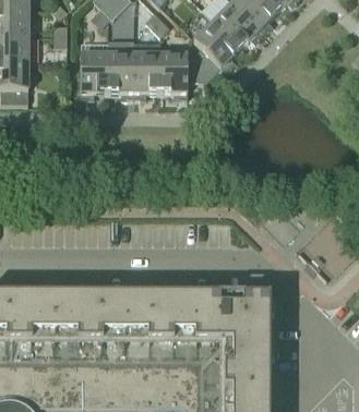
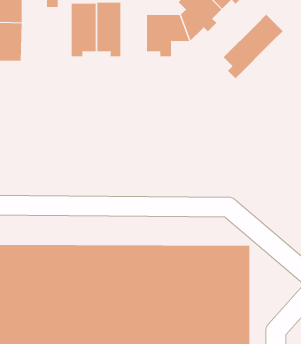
building: [133,41,159,97] -> none
building: none -> [223,14,283,79]

